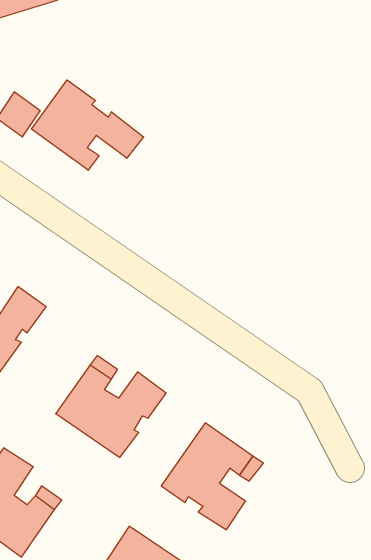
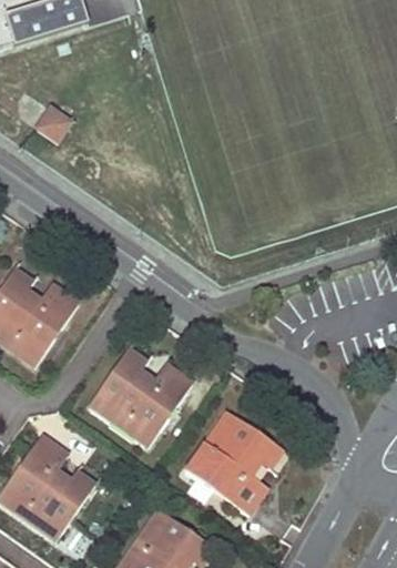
building: [31,80,144,170] -> none

